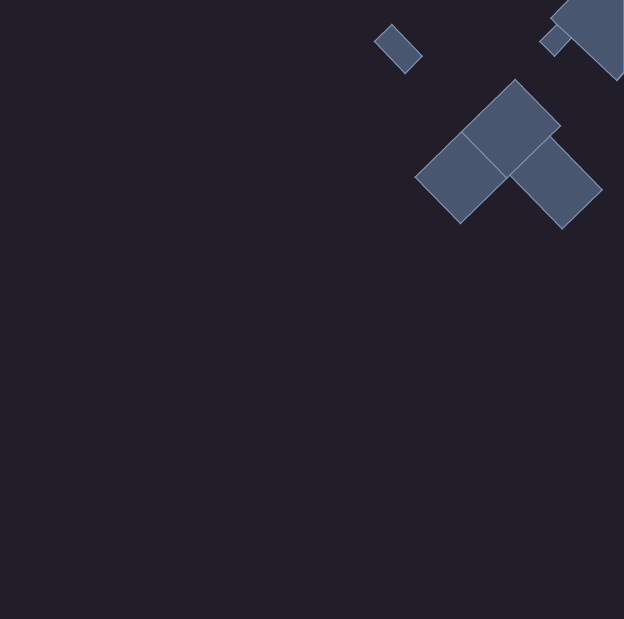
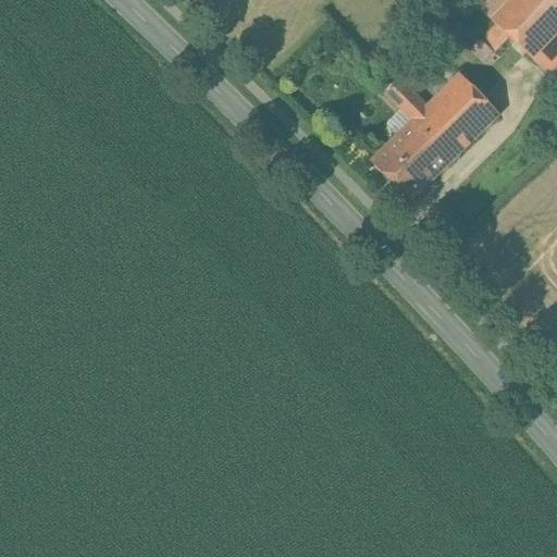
building: [375,25,422,73] -> [384,74,426,117]
building: [510,136,602,229] -> none

